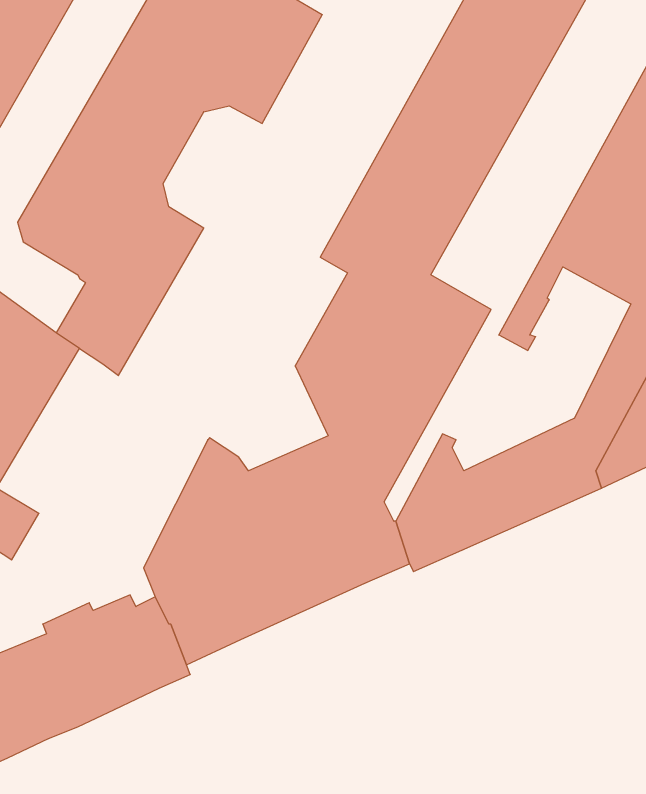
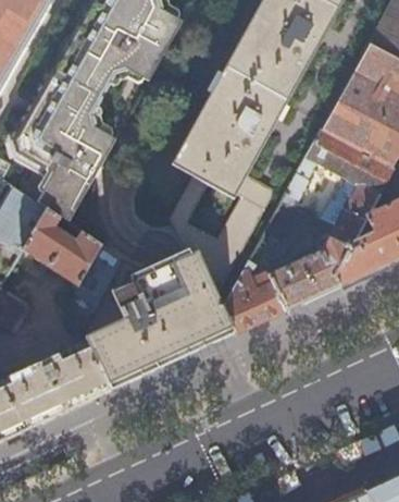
building: none -> [23,207,119,331]

